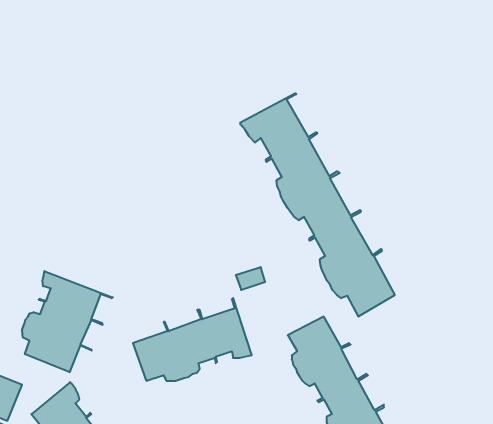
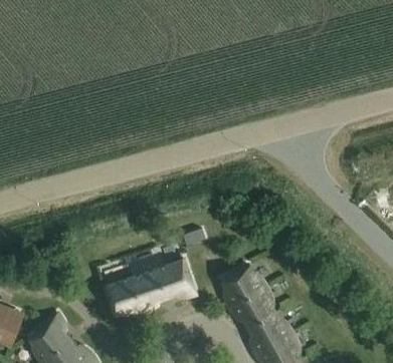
building: [240,93,395,317] -> none
building: [22,271,113,372] -> none

